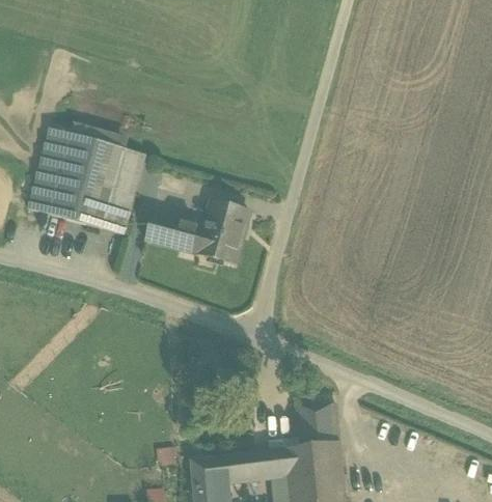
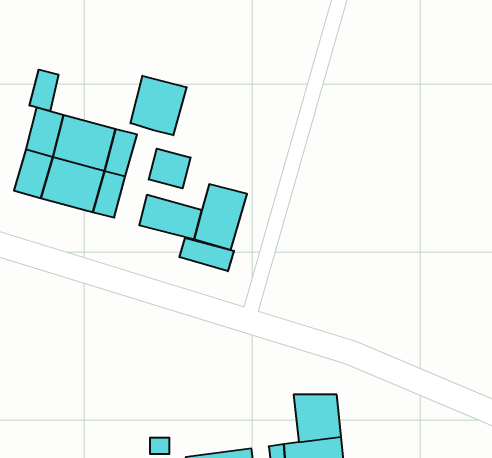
building: none -> [29,70,58,111]
building: none -> [130,76,187,135]
building: none -> [149,149,191,188]
building: none -> [179,238,234,271]

